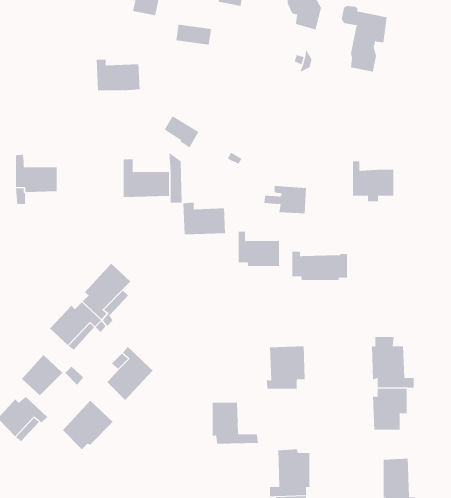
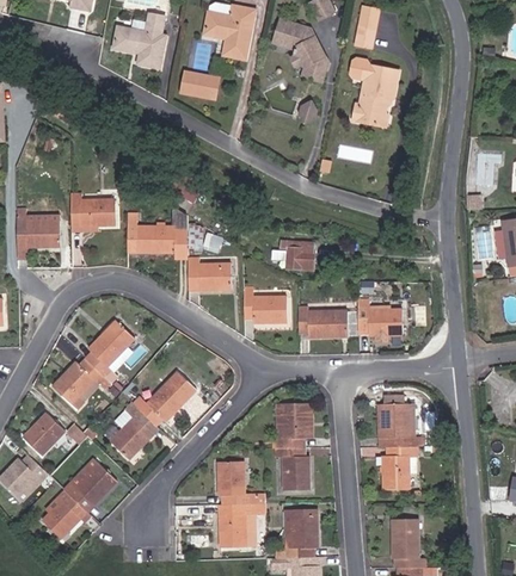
building: [96,59,140,91] -> [70,193,116,225]
building: [352,161,394,202] -> [358,299,401,341]
building: none -> [131,371,196,425]
building: none -> [275,447,309,489]
building: none -> [42,489,91,538]
building: none -> [219,502,265,547]

